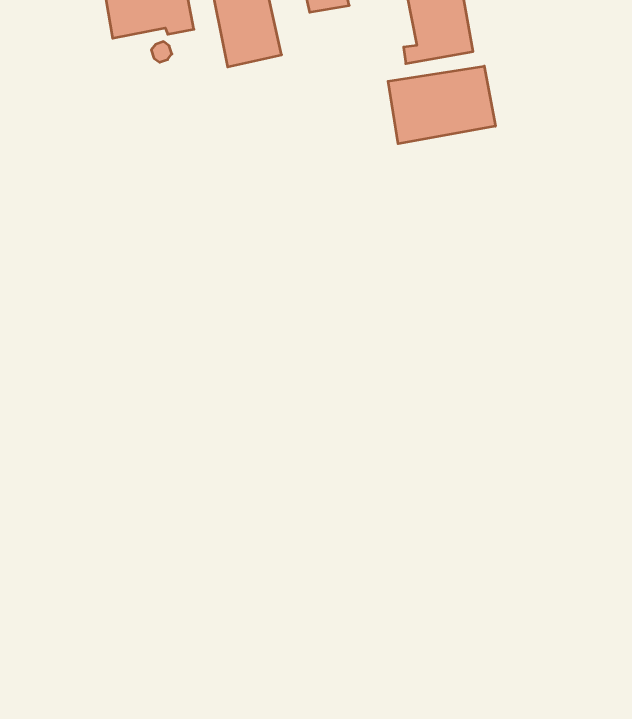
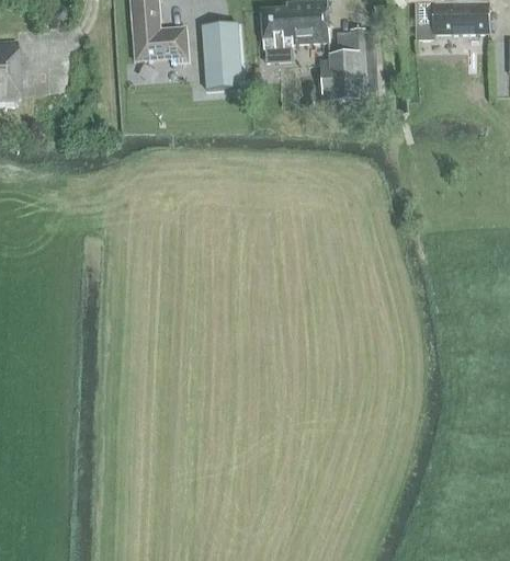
building: [388,66,495,144] -> none

